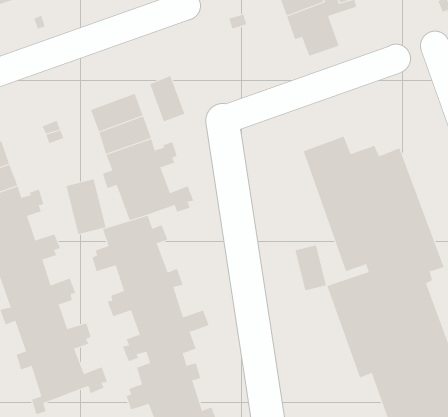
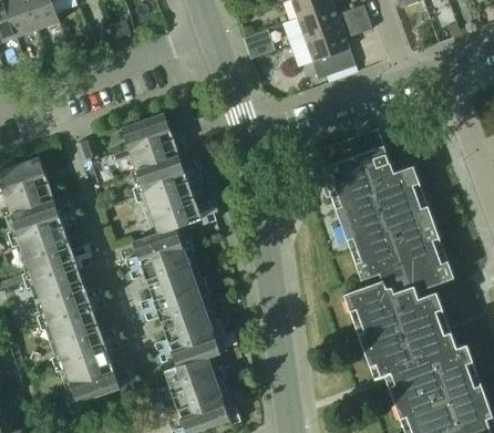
building: [150,75,185,122] -> none
building: [66,178,106,235] -> none
building: [295,244,326,291] -> none

